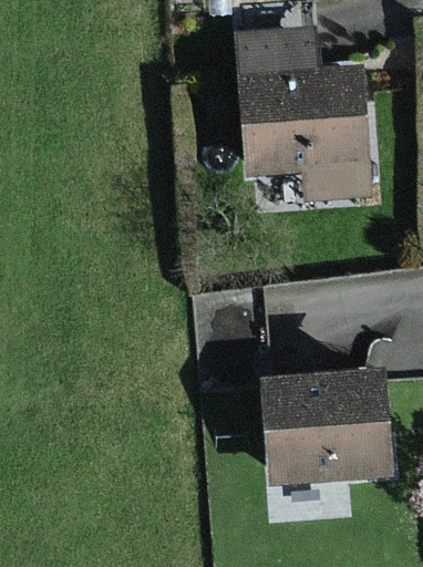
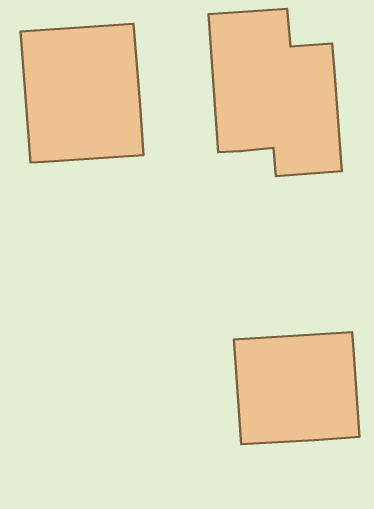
building: none -> [21,24,143,163]

